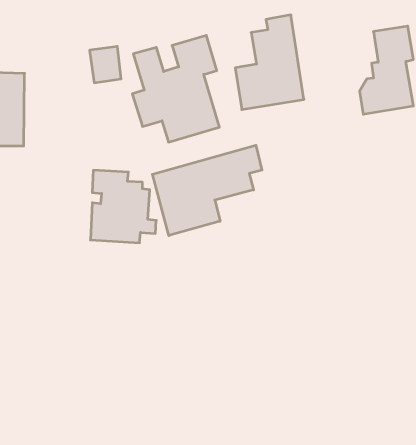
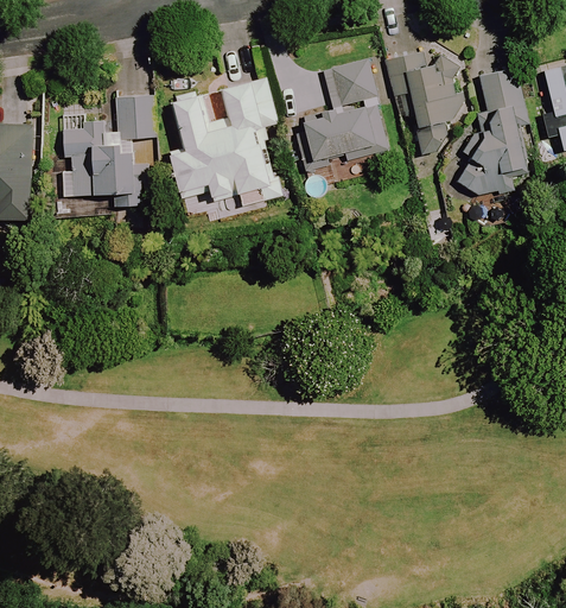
building: none -> [384,51,466,154]
building: [152,145,262,236] -> none
building: [90,170,156,243] -> [58,127,142,220]

